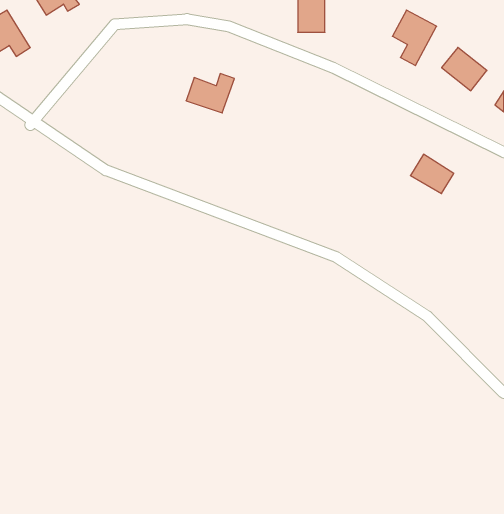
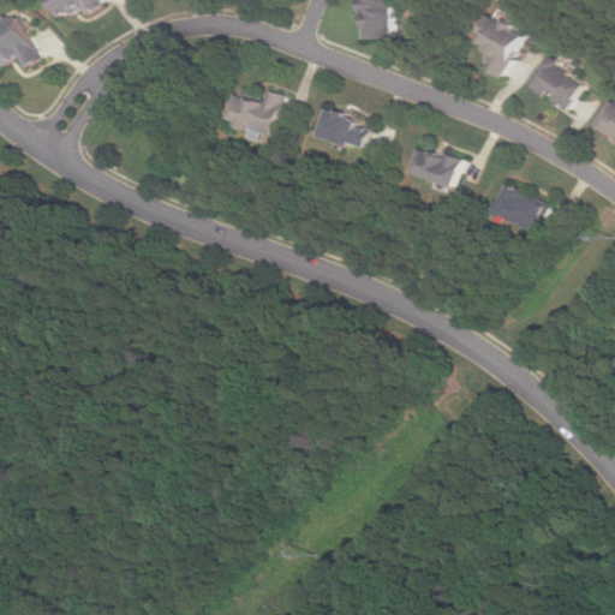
building: none -> [314,109,368,149]
building: none -> [407,144,459,186]

